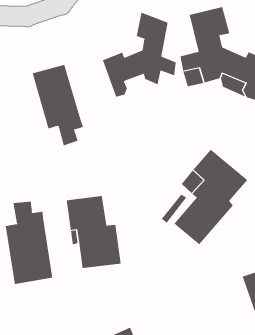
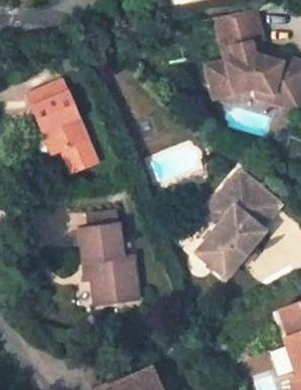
building: [102,12,176,97] -> none
building: [5,201,53,285] -> none

